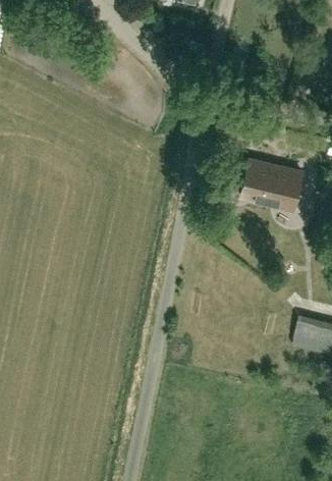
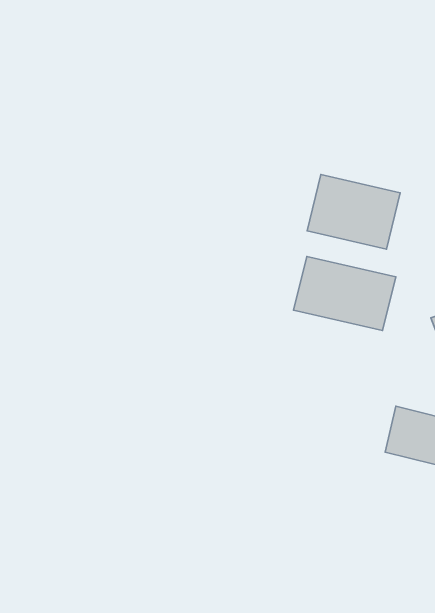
building: none -> [294,256,396,331]

